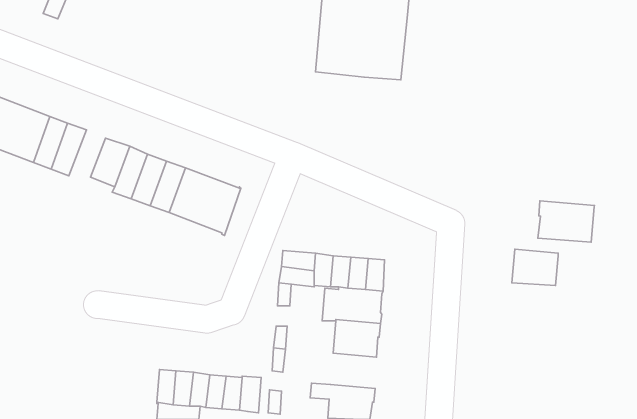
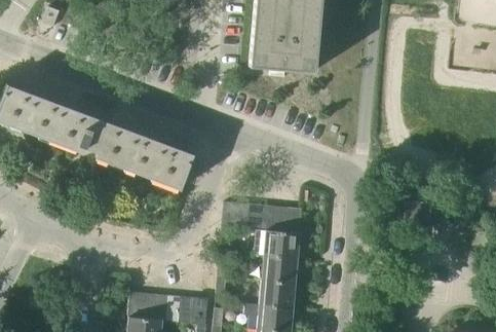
building: none -> [63,111,90,152]
building: [538,201,594,242] -> none
building: none -> [261,281,296,307]

